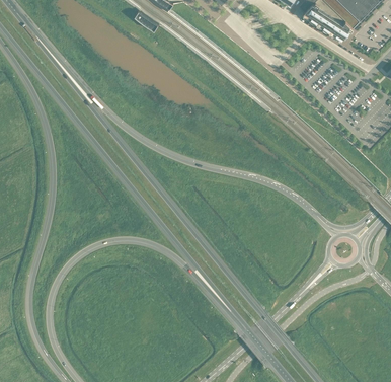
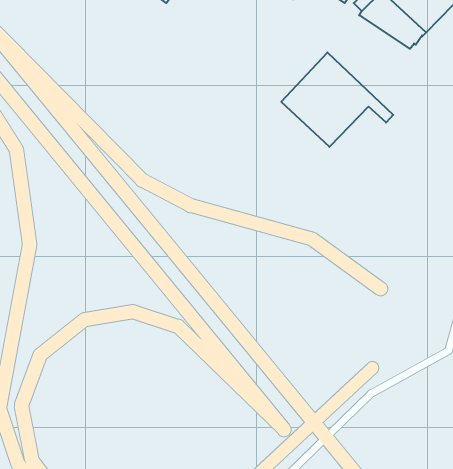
building: none -> [281,52,393,147]

